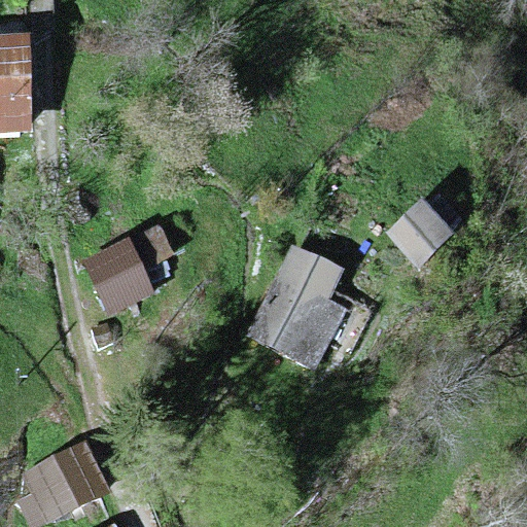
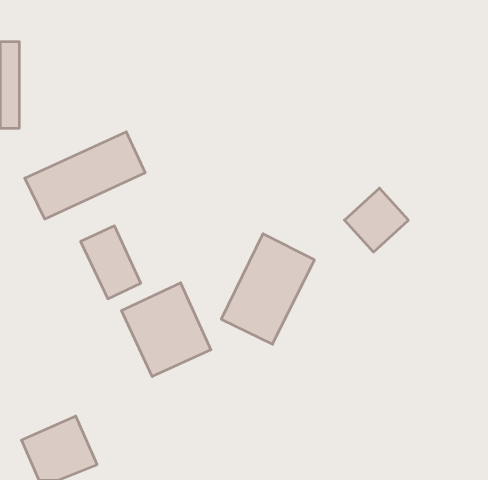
building: none -> [25,132,145,219]
building: none -> [122,283,211,377]

